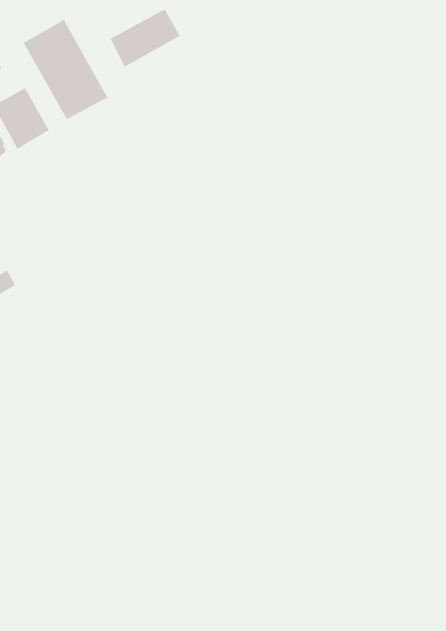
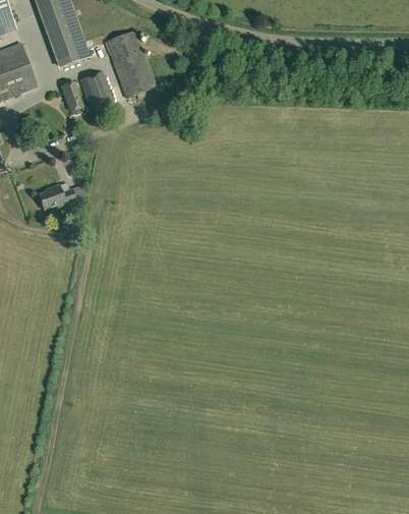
building: [110,8,181,68] -> none

